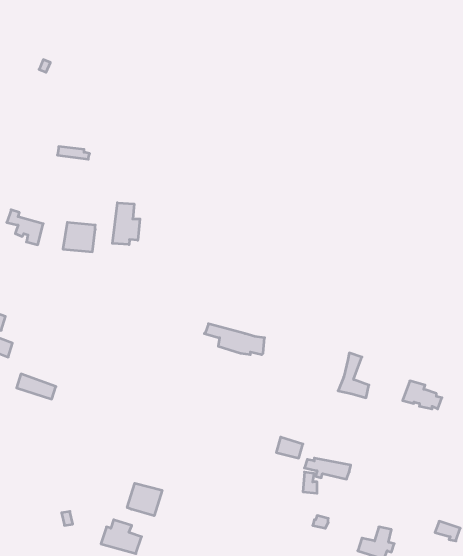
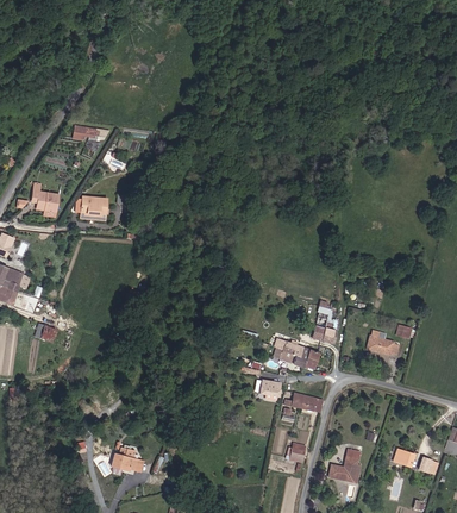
building: [112,203,140,245] -> none
building: [204,324,265,355] -> [267,338,318,364]
building: [127,483,162,516] -> none

